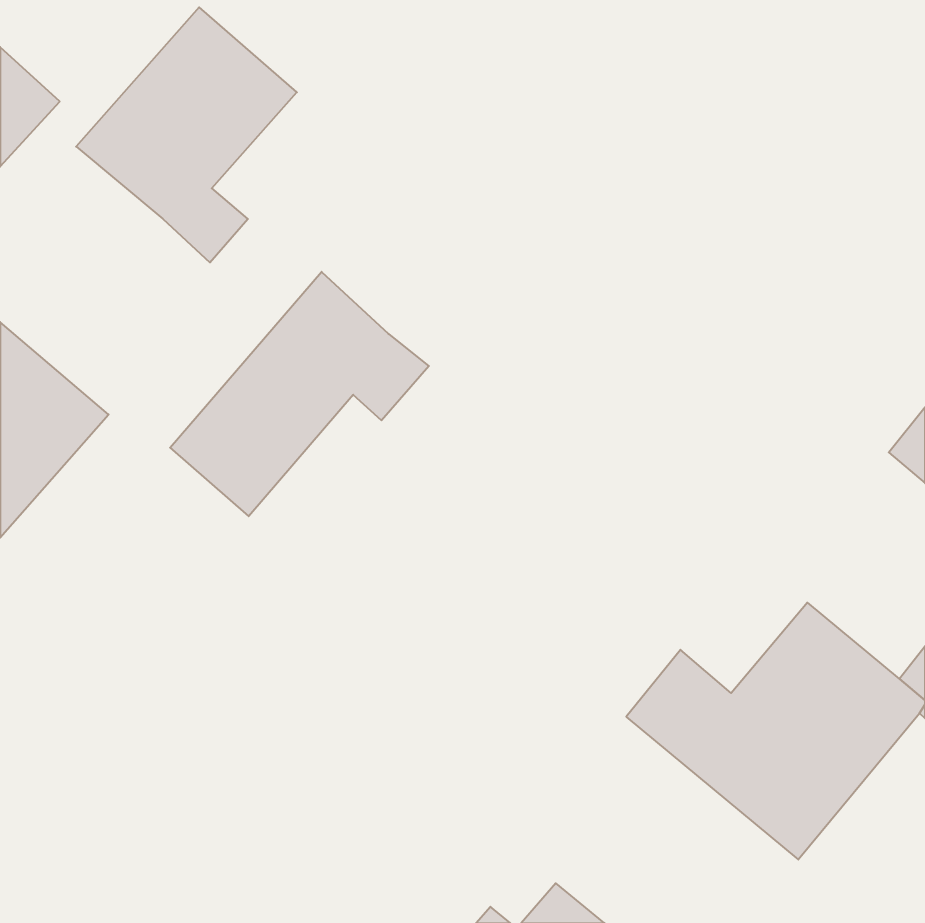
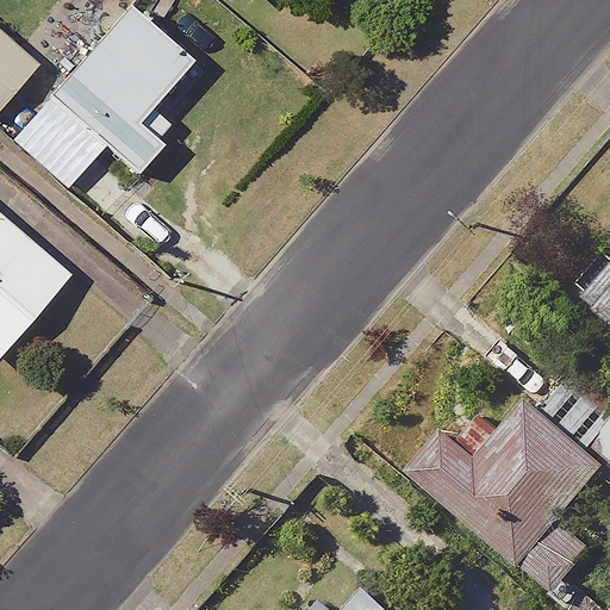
building: none -> [13,97,107,188]
building: [170,272,429,516] -> none

